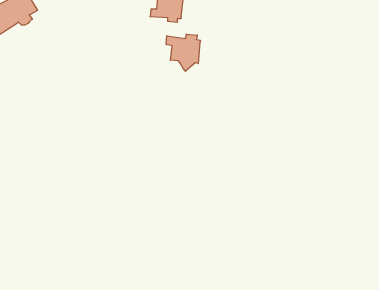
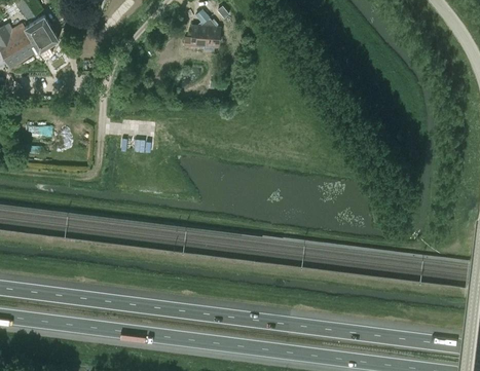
building: [166,34,200,71] -> none

